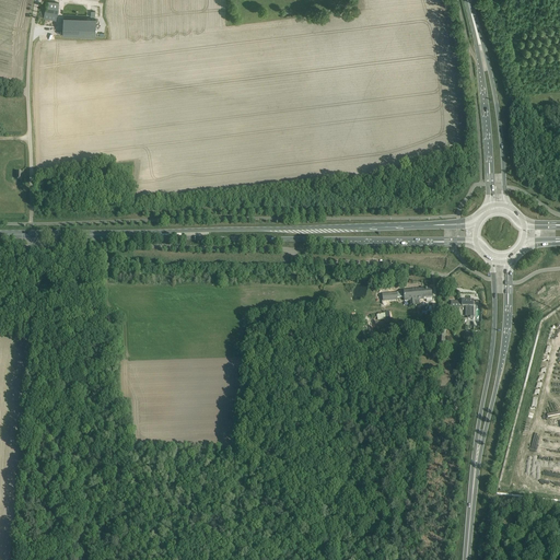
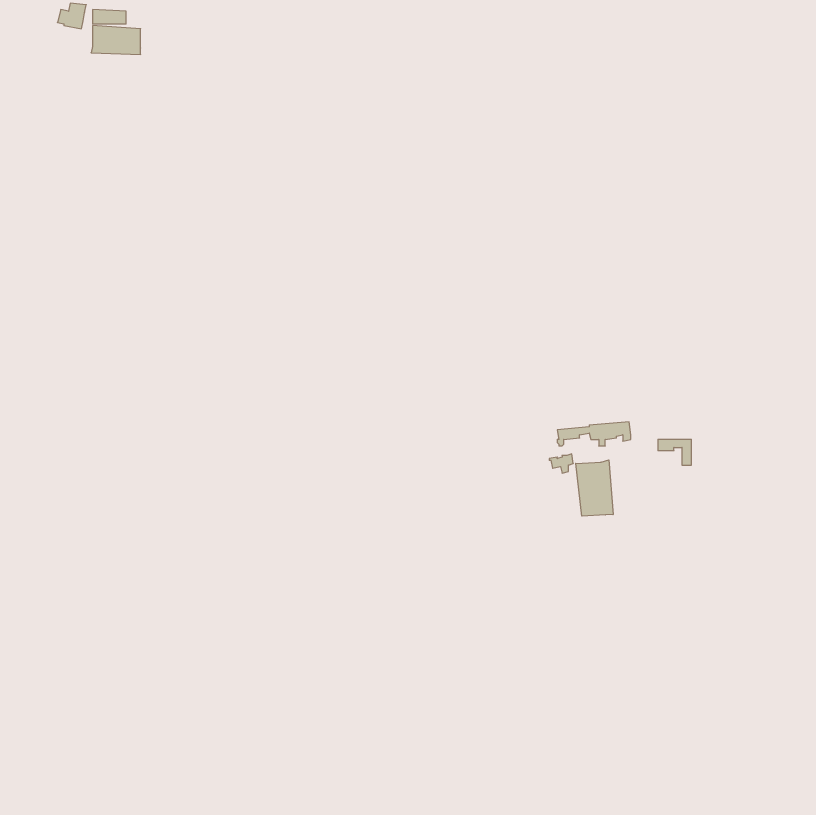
building: none -> [576,460,613,516]

